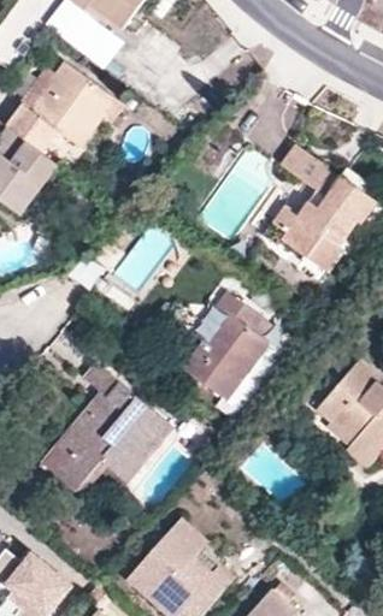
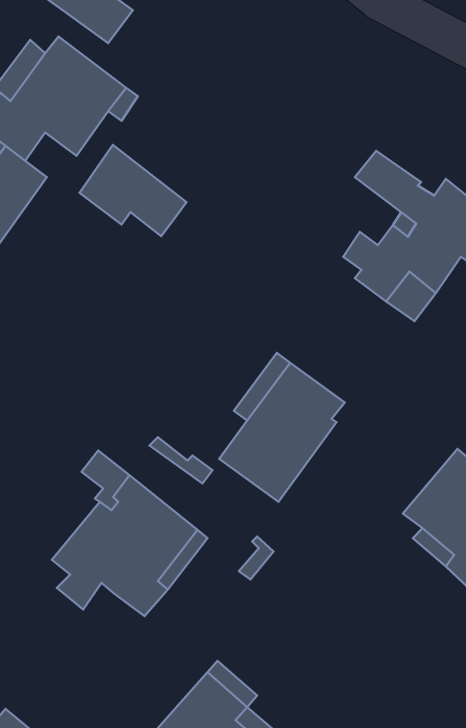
building: none -> [79,145,186,236]
building: [42,442,105,496] -> none

